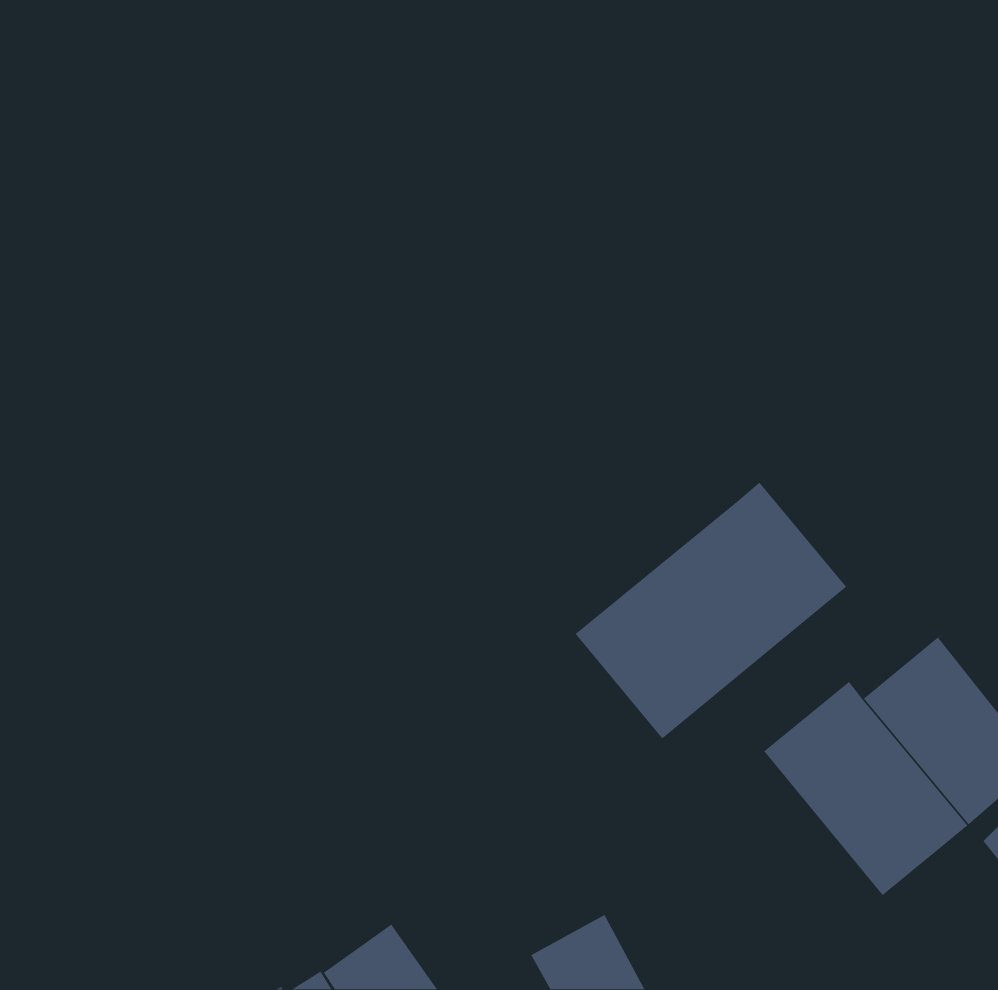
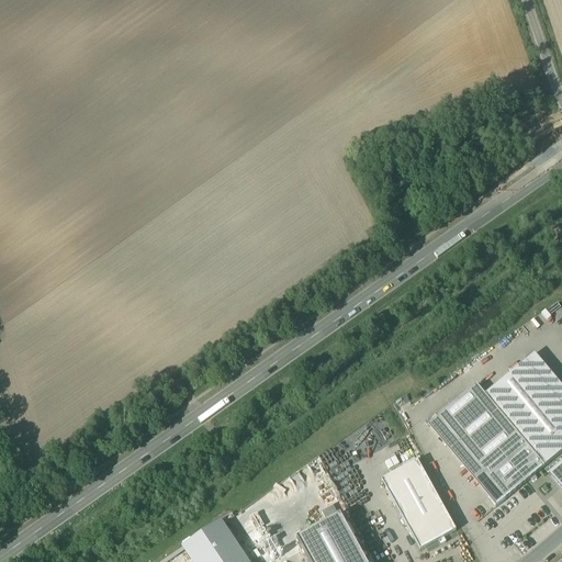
building: [574,481,847,739] -> none
building: none -> [382,458,457,547]

